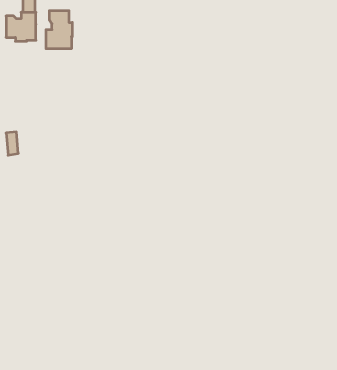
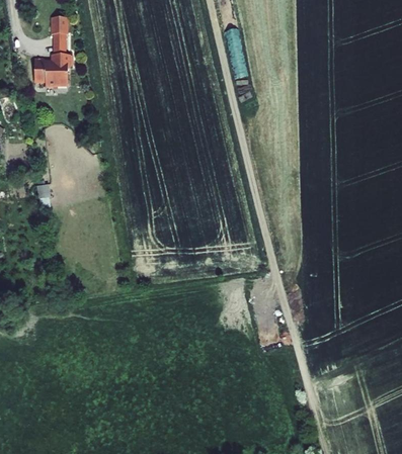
building: [46,11,72,49] -> none

